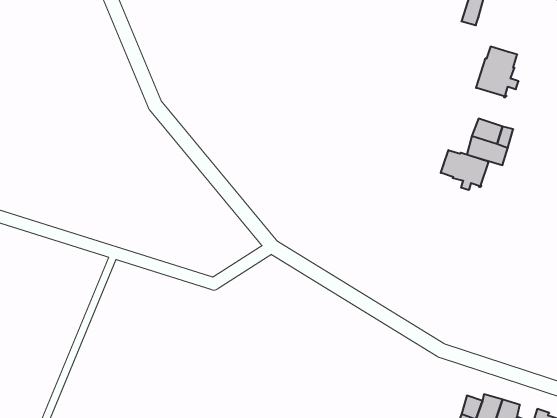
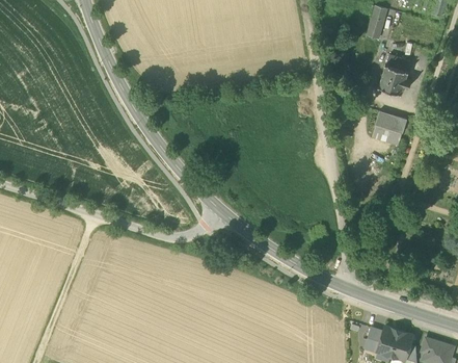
building: [441,150,489,190] -> none

